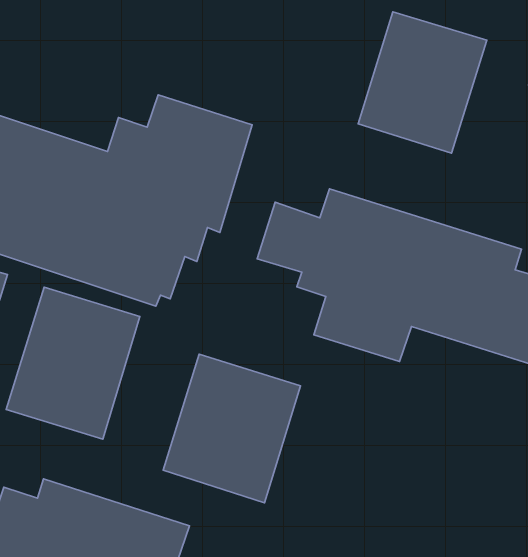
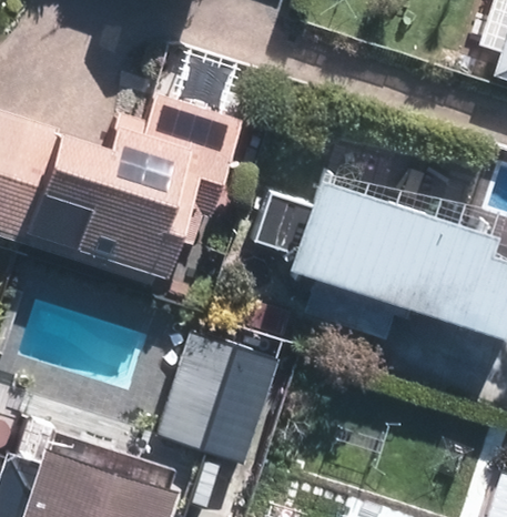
building: [358,12,487,153] -> none
building: [6,287,140,439] -> none

